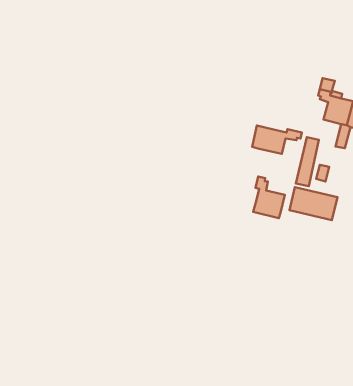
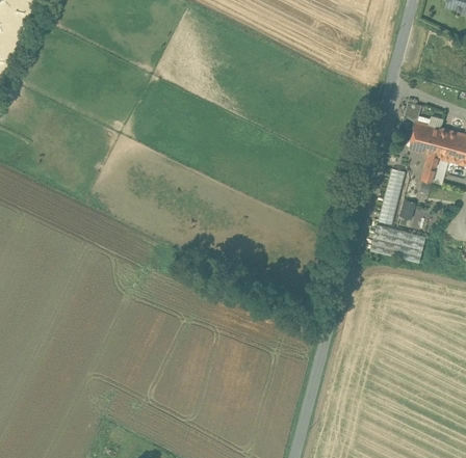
building: [252,125,302,154] -> none
building: [253,177,285,218] -> none

